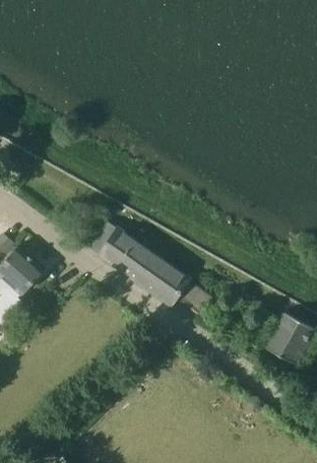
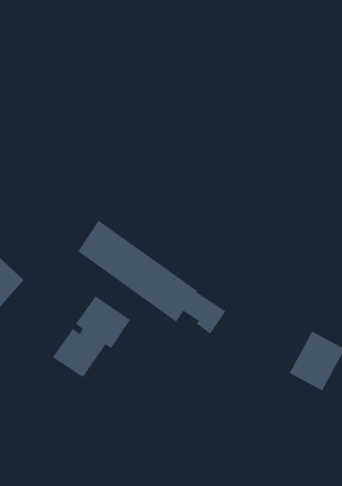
building: none -> [52,295,131,378]

